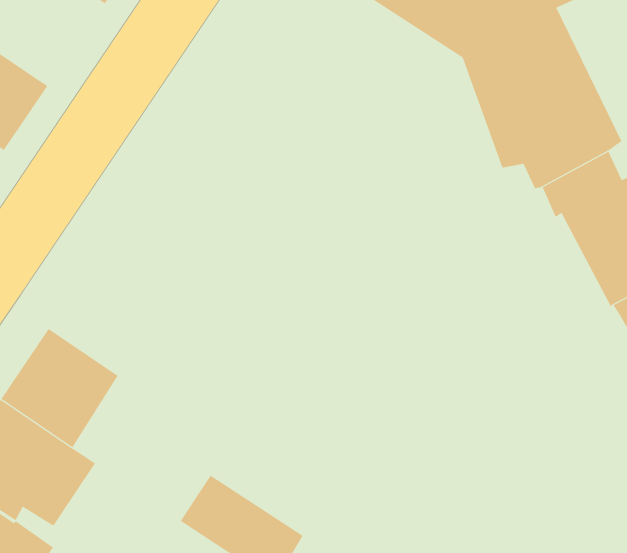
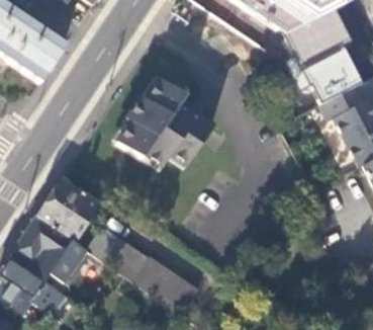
building: none -> [115,77,211,166]
building: none -> [88,226,149,280]

